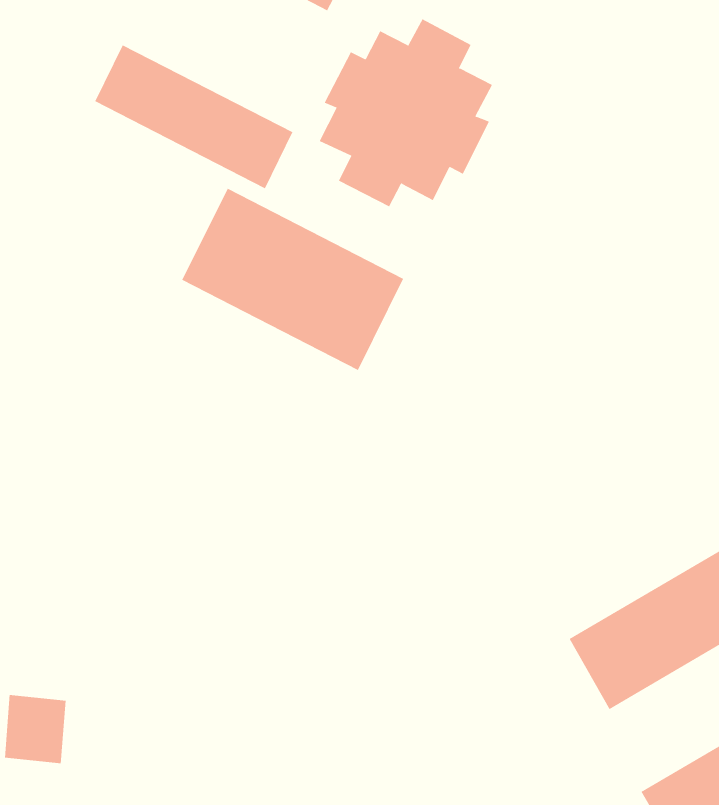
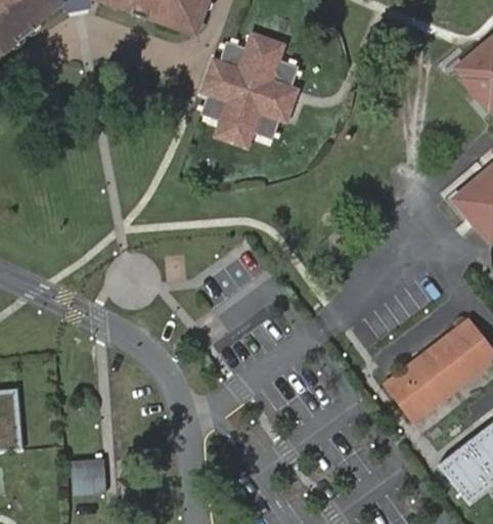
building: [95,44,293,189] -> none
building: [182,188,404,371] -> none

